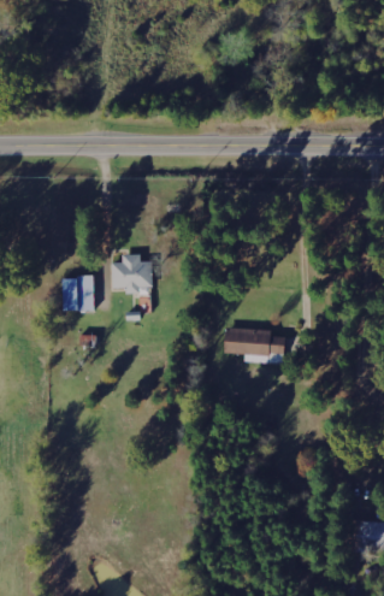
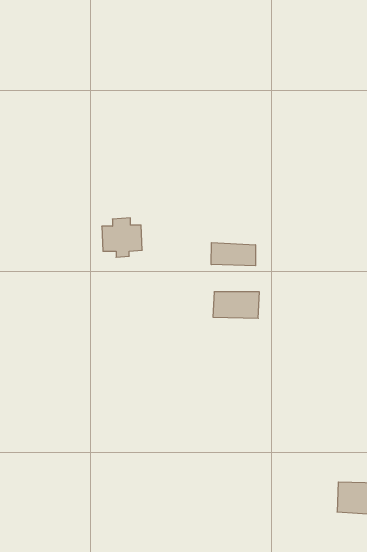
building: [61,276,94,311] -> none
building: none -> [211,243,255,266]

